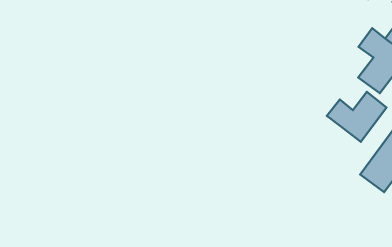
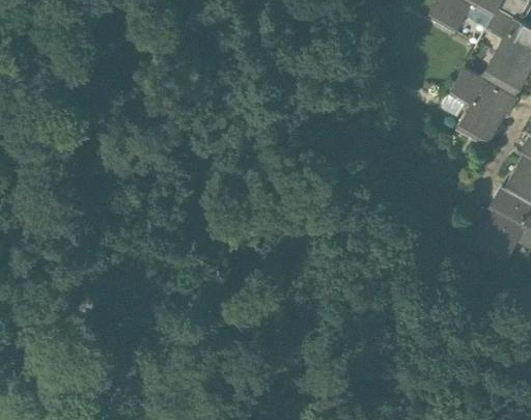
building: [327,92,386,142] -> none

